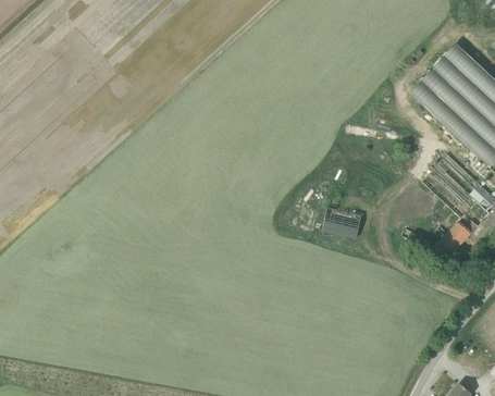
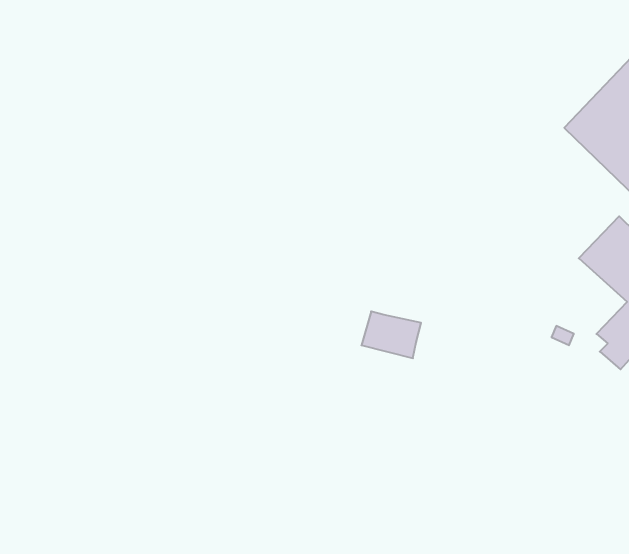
building: [323,207,363,238] -> [361,311,421,358]

